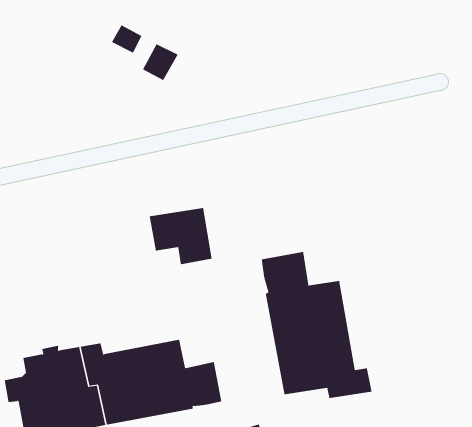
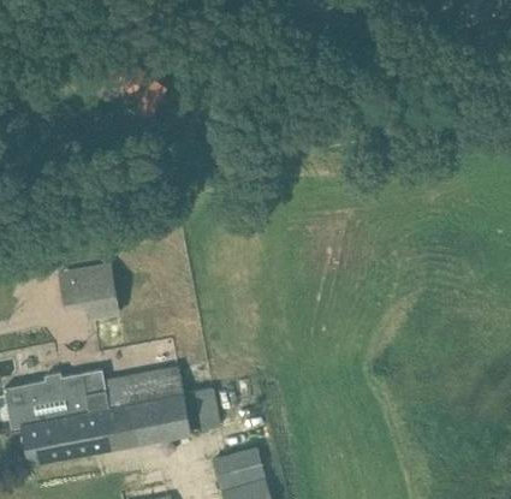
building: [149,208,213,265] -> [58,266,119,321]
building: [261,251,372,399] -> none

